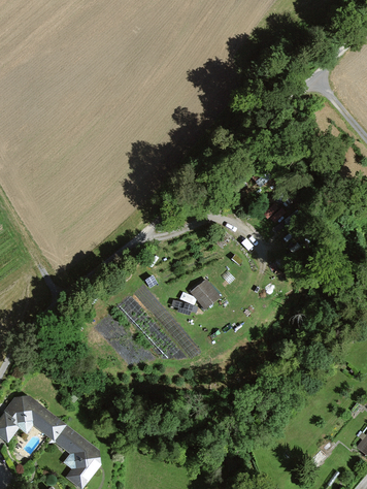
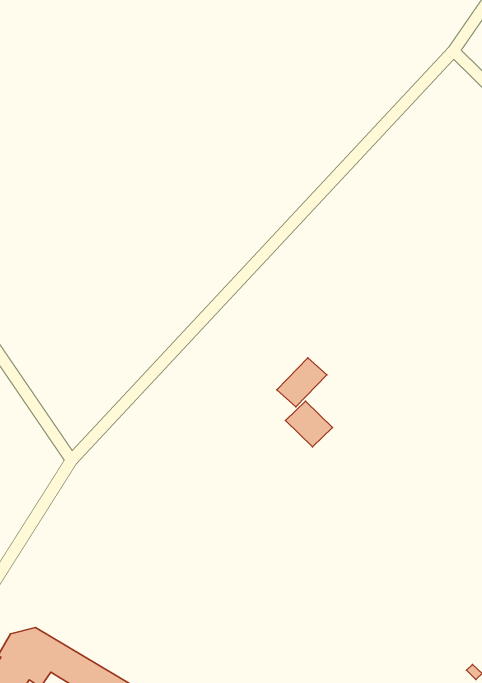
building: none -> [277,358,327,407]

